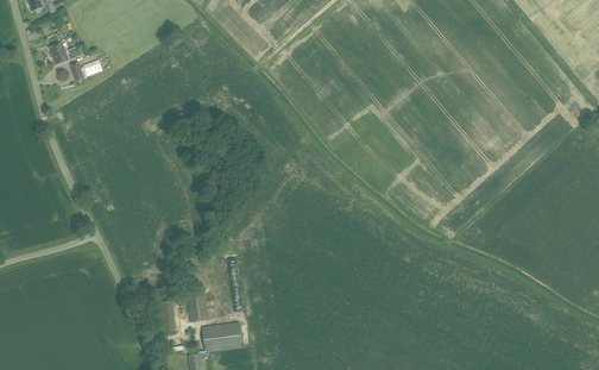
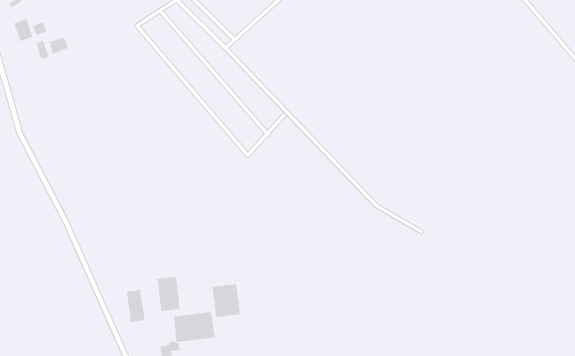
building: none -> [212,283,240,318]

